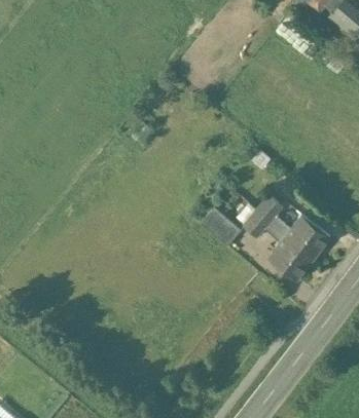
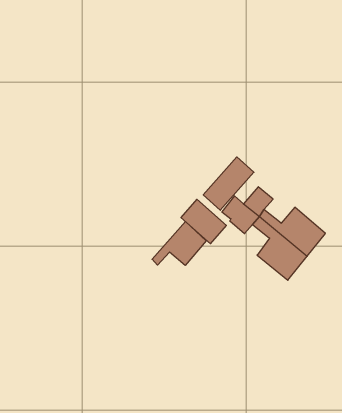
building: none -> [203,157,254,210]
building: none -> [152,222,206,265]

